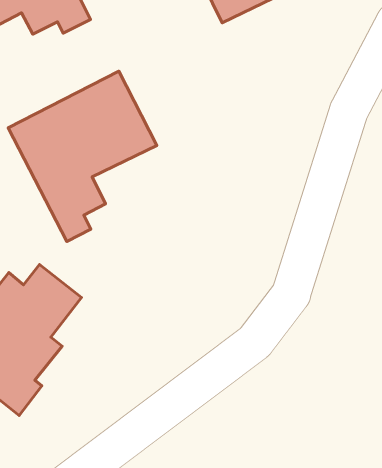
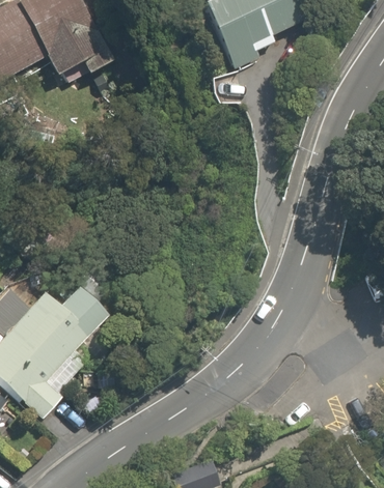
building: [8,71,157,242] -> none

